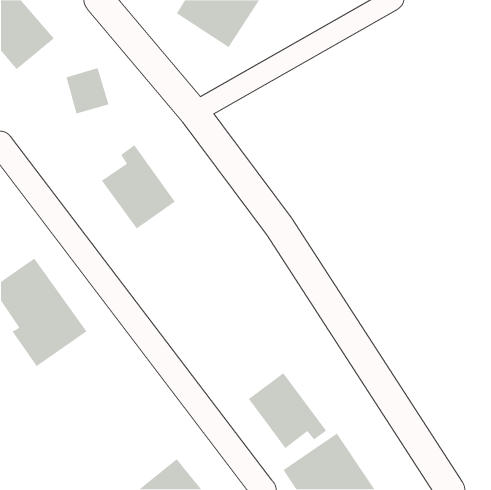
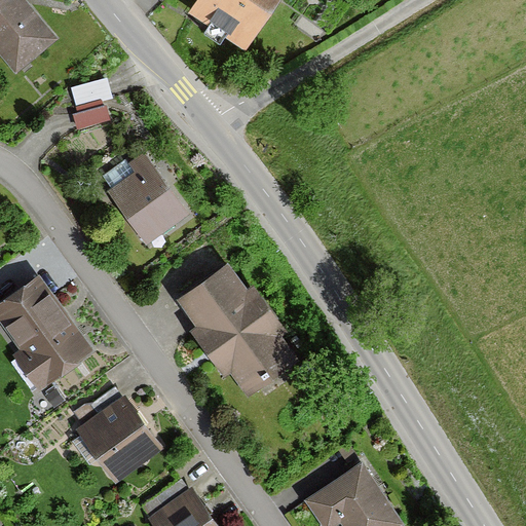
building: none -> [173,262,298,398]
building: none -> [76,388,165,479]
building: [248,372,327,449] -> none

